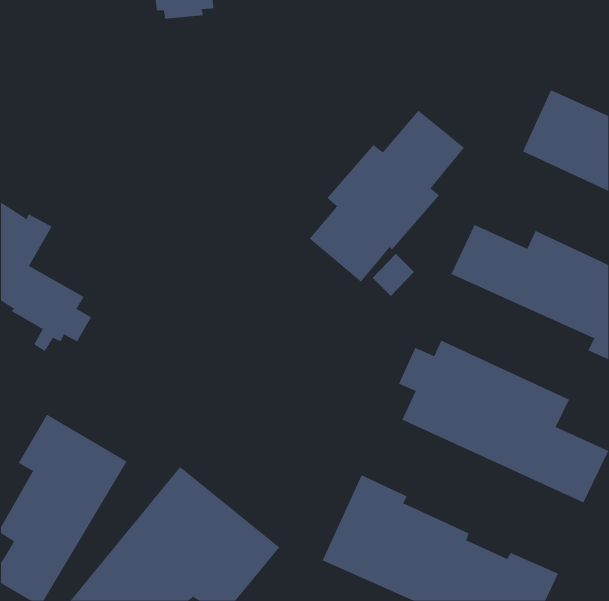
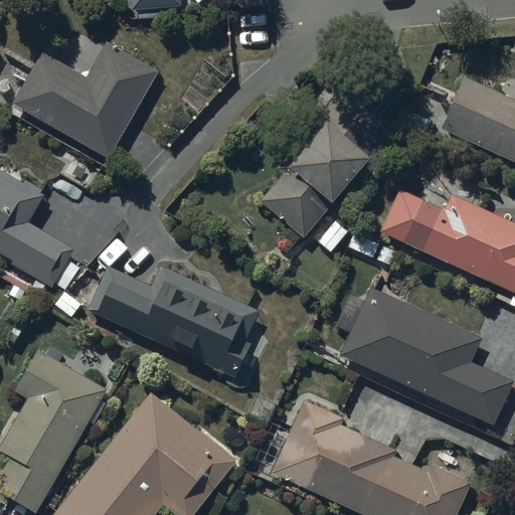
building: none -> [11,42,159,159]
building: none -> [87,266,260,376]

